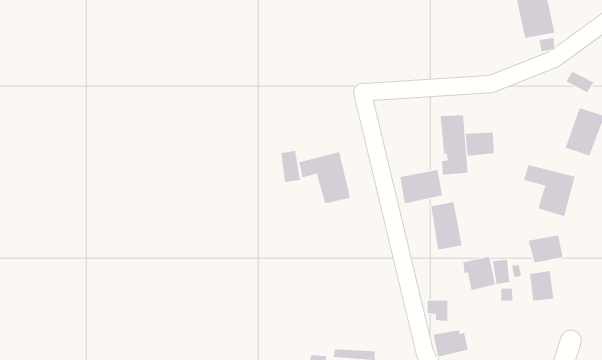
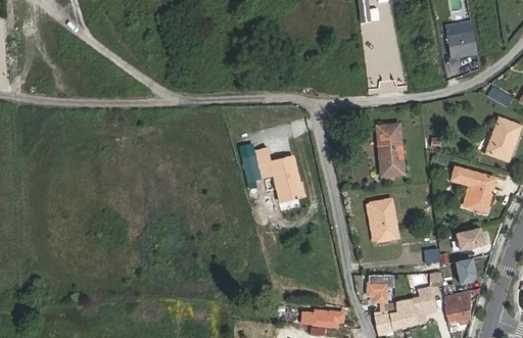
building: [465,132,495,156] -> none
building: [400,169,442,204] -> none
building: [462,256,496,291] -> [396,297,425,327]
building: none -> [444,291,470,324]
building: none -> [301,311,343,327]

